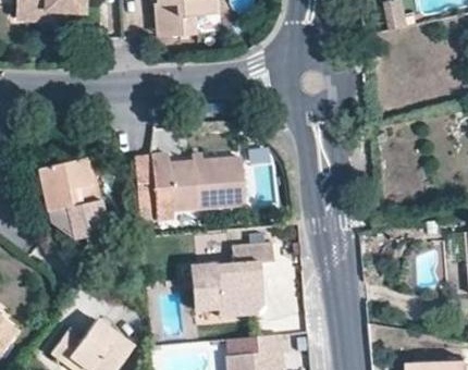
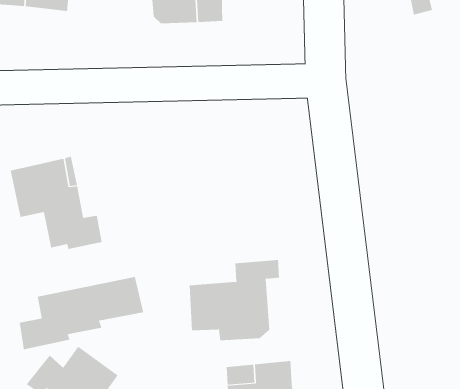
building: [134,153,246,222] -> none
building: none -> [19,276,144,350]

